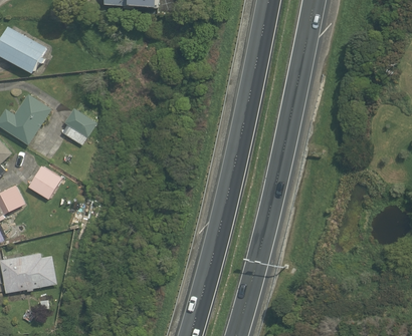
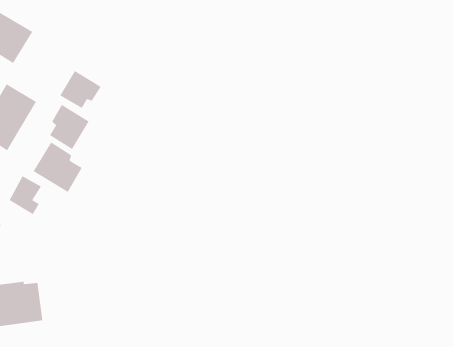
building: none -> [59,70,102,109]
building: none -> [33,142,83,193]

